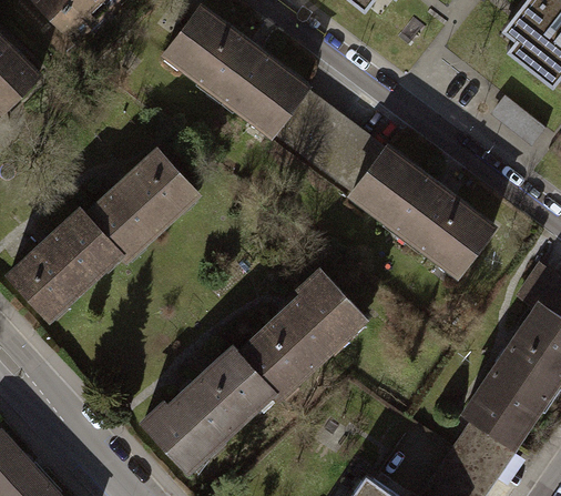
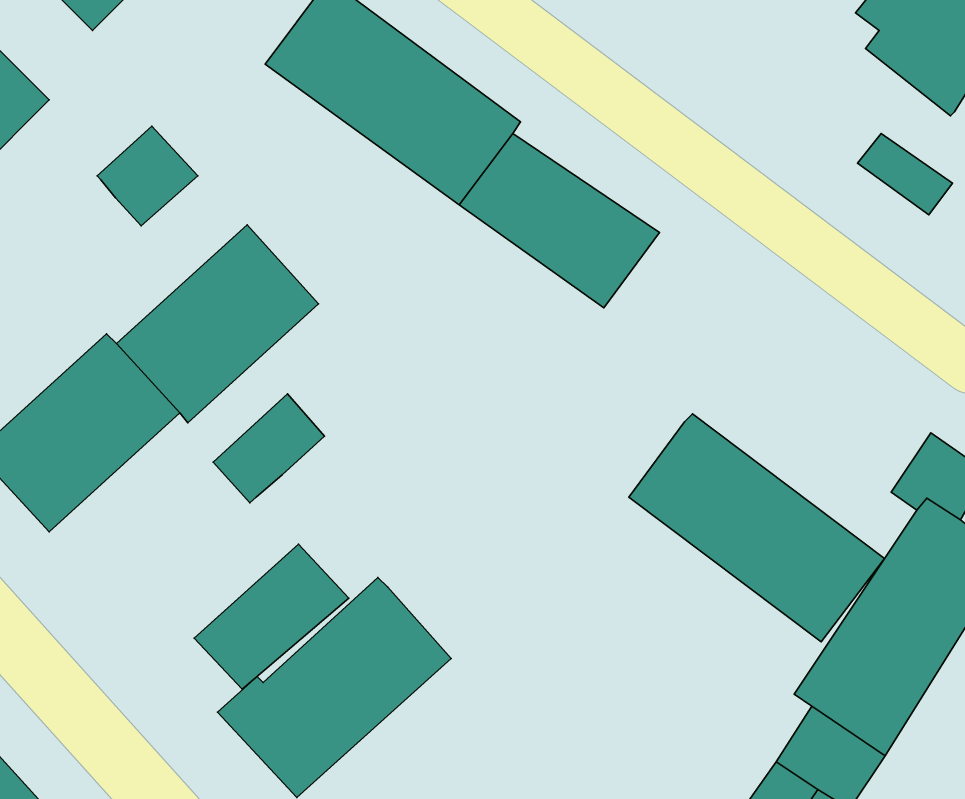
building: none -> [97,126,198,226]
building: [357,150,500,277] -> [629,414,885,642]
building: none -> [213,394,324,503]
building: [236,269,365,398] -> none
building: none -> [194,544,349,689]

